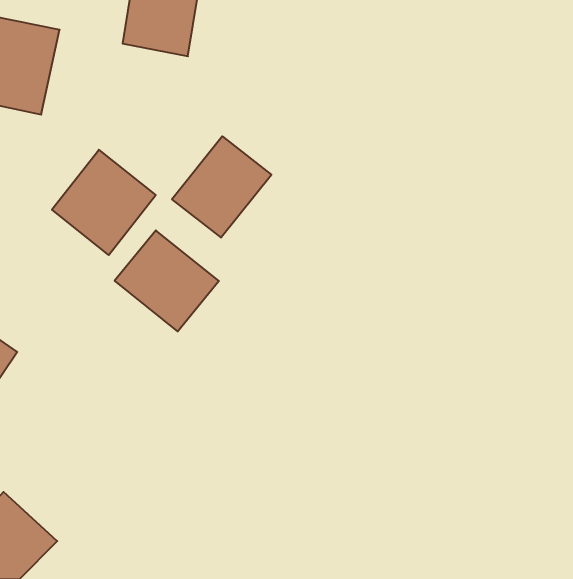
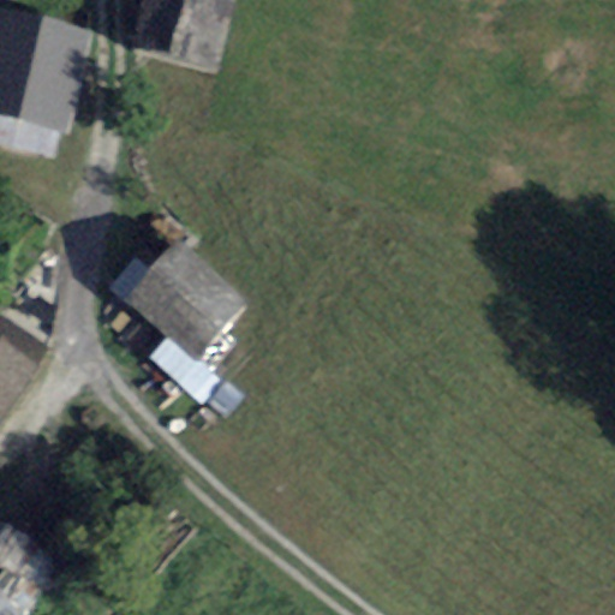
building: [172,136,271,238] -> none
building: [52,150,156,255] -> none

